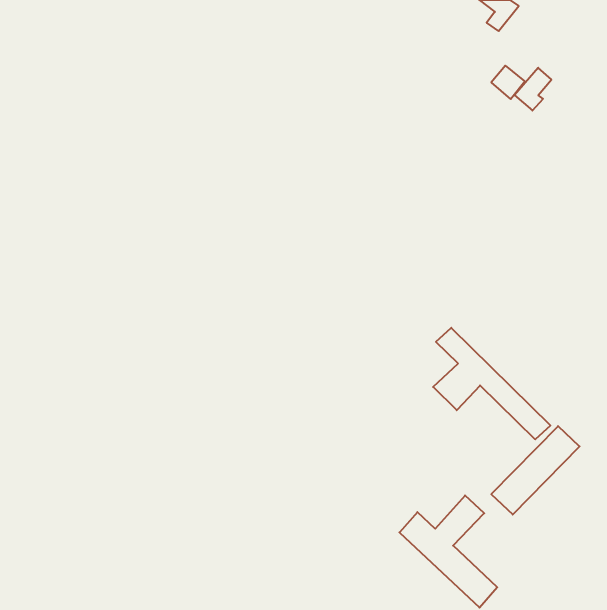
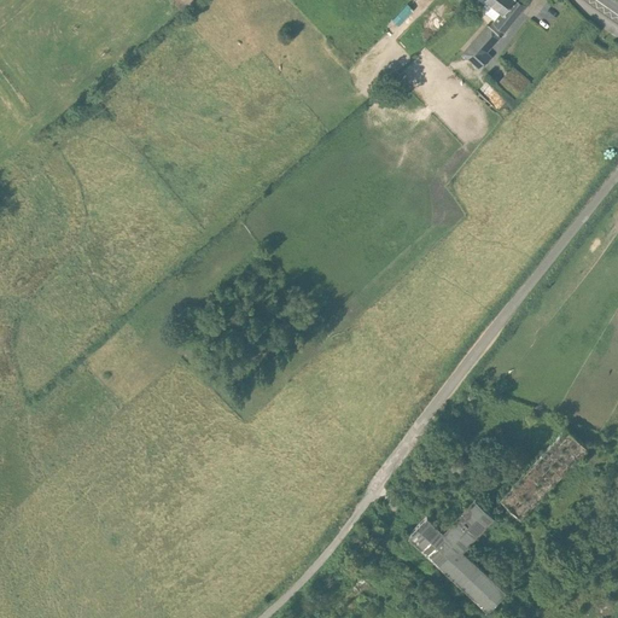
building: [514,68,551,111] -> [465,25,502,69]
building: [433,328,550,439] -> none

